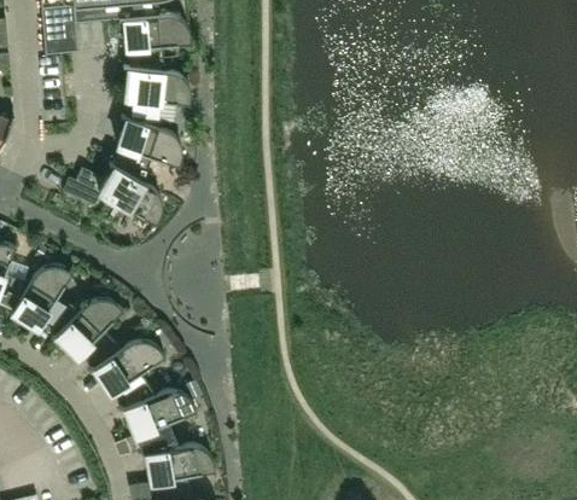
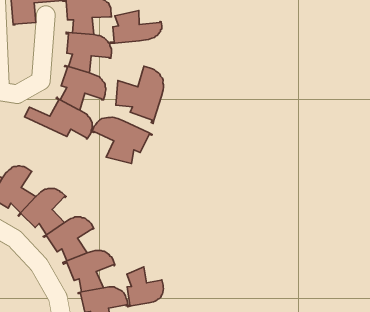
building: none -> [110,10,162,44]
building: none -> [116,66,164,123]
building: none -> [92,117,152,164]
building: none -> [127,267,163,307]

